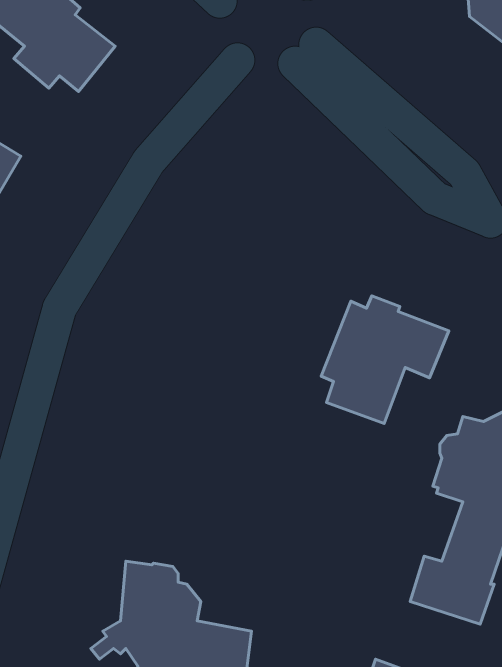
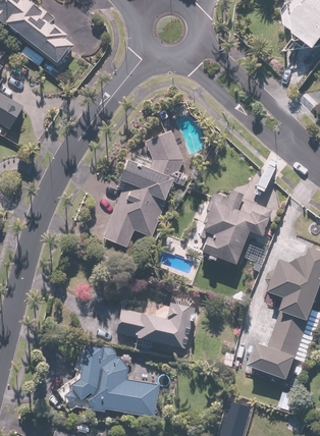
building: none -> [100,132,182,249]
building: none -> [114,299,192,348]

